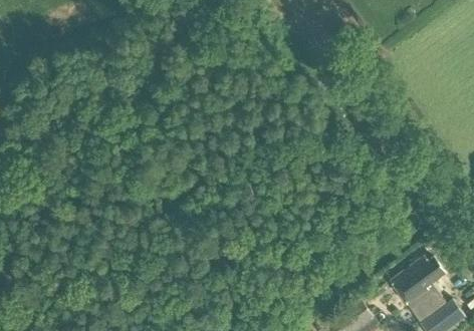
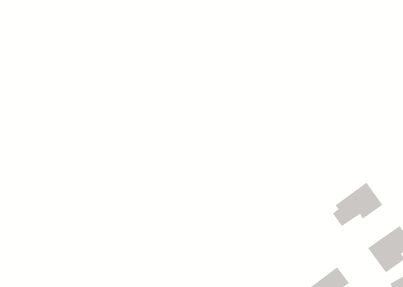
building: none -> [332,182,383,227]

